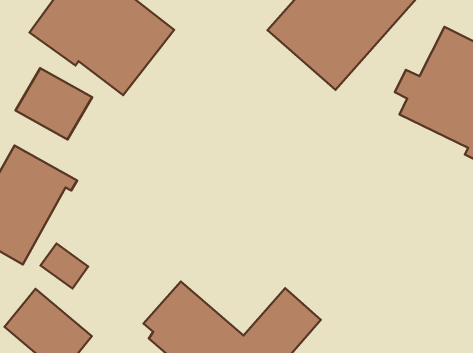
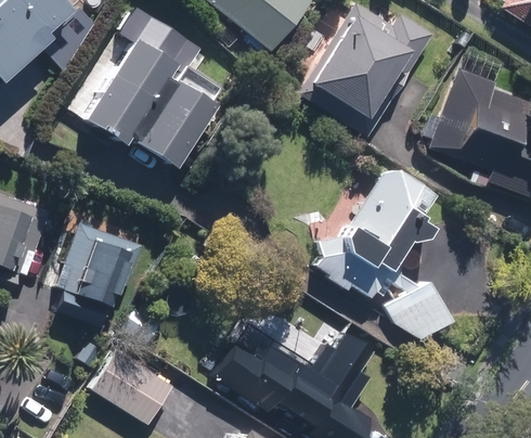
building: [16,68,92,140] -> none
building: none -> [318,164,440,300]
building: none -> [385,282,450,337]

